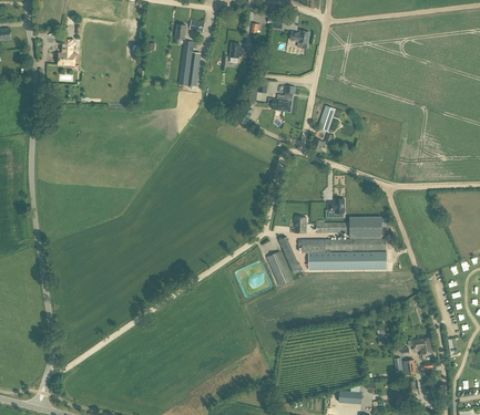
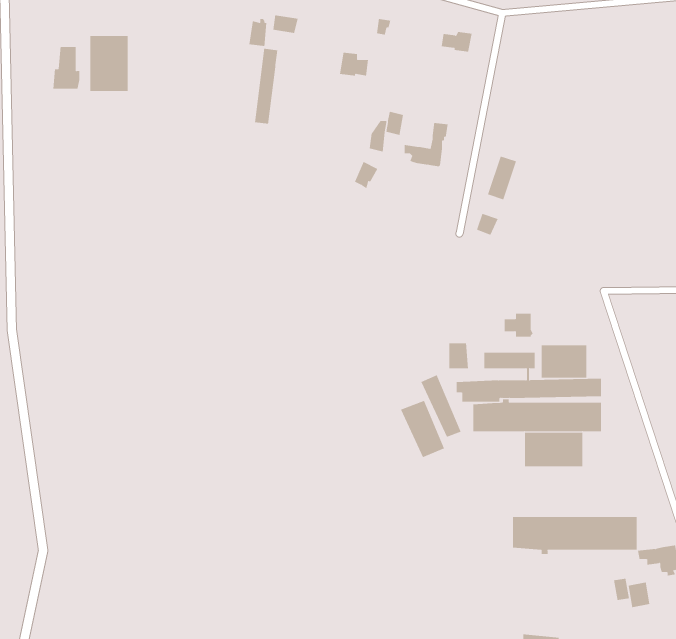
building: none -> [90,35,128,92]
building: none -> [525,432,583,467]
building: none -> [513,516,637,555]

